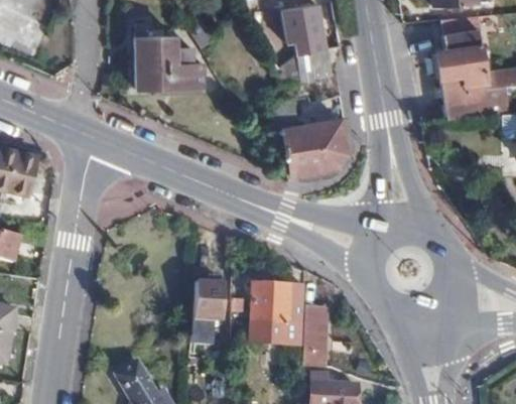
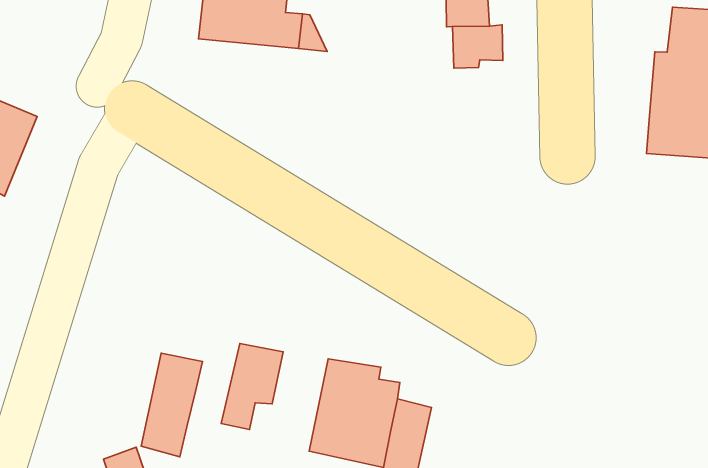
building: [268,99,347,182] -> none
building: none -> [141,353,203,457]

